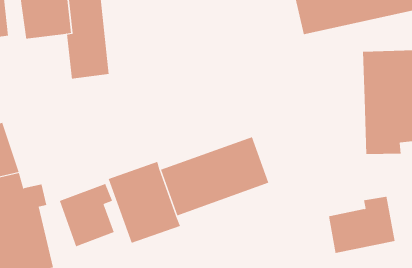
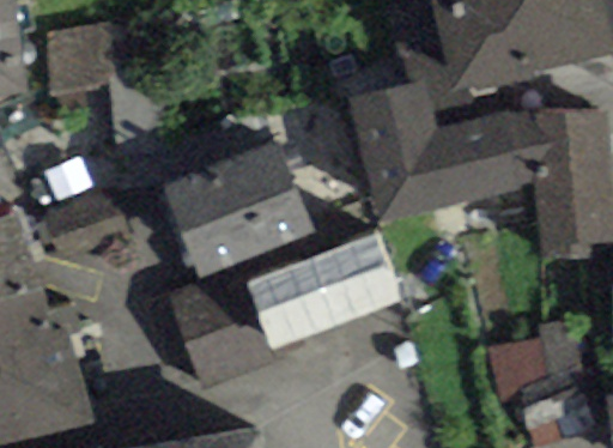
building: none -> [348,80,538,225]
building: none -> [162,141,312,278]
building: [59,183,114,247] -> none

